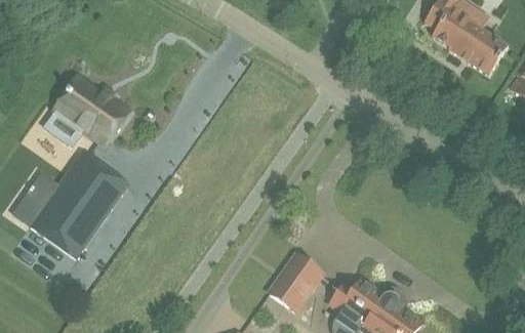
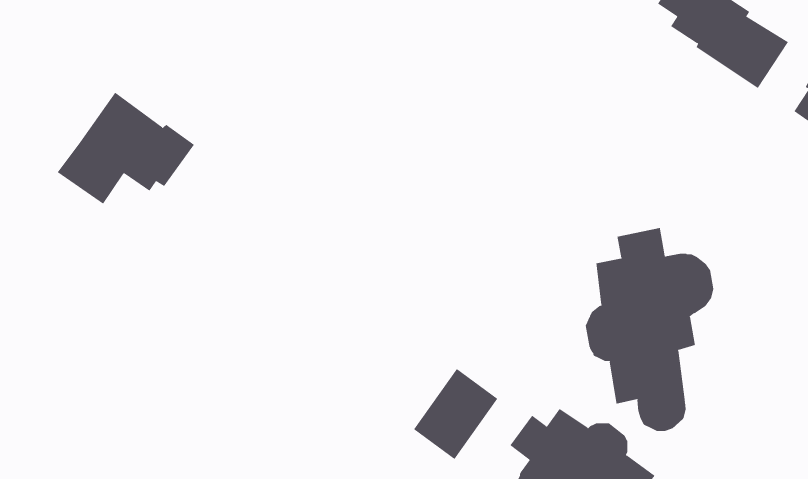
building: [11,151,127,257] -> none
building: none -> [585,227,714,432]

